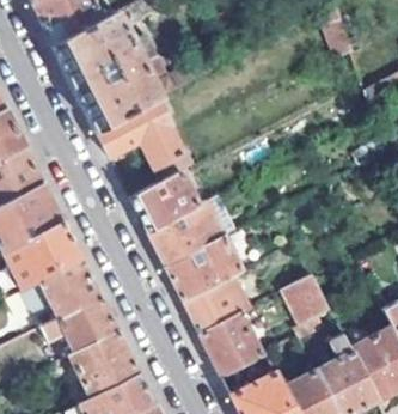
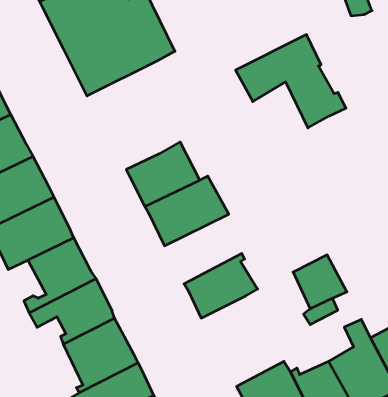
building: [94,97,195,182] -> [236,35,346,128]
building: [165,237,239,300] -> none
building: [198,311,261,376] -> none

